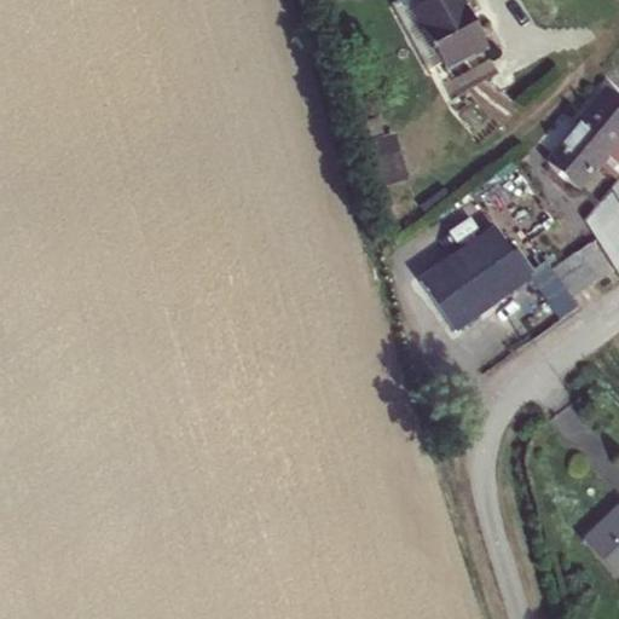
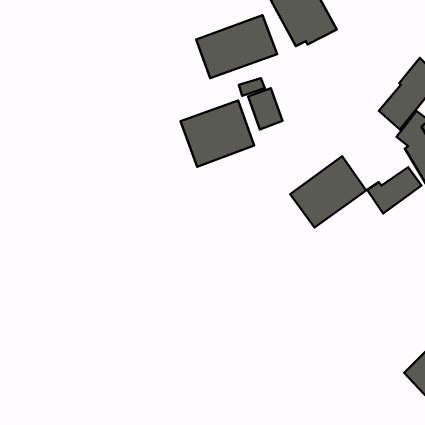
building: none -> [196,15,277,78]
building: none -> [180,101,254,167]

